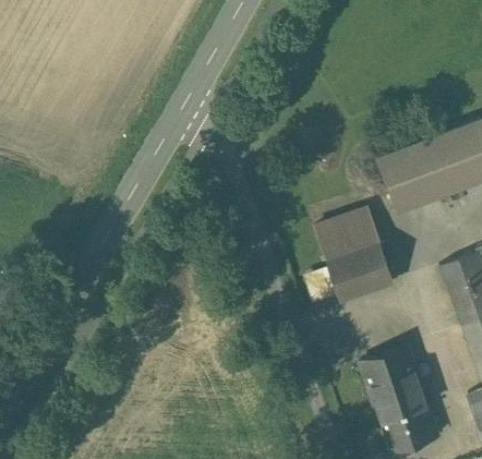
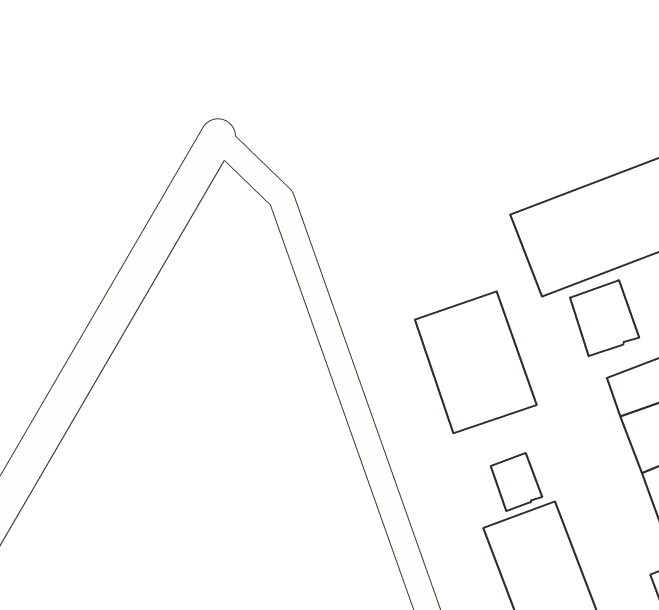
building: none -> [570,280,639,356]
building: none -> [491,453,542,511]

